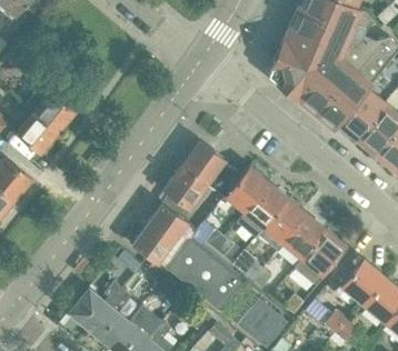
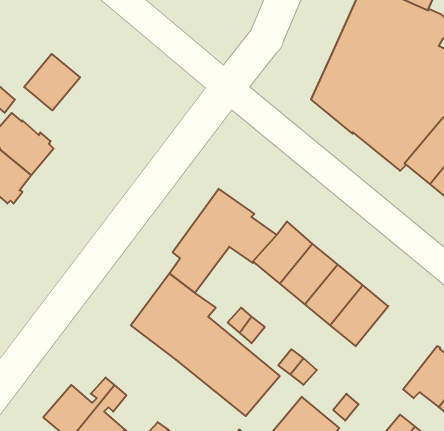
building: none -> [24,54,80,110]
building: [301,230,345,275] -> none

